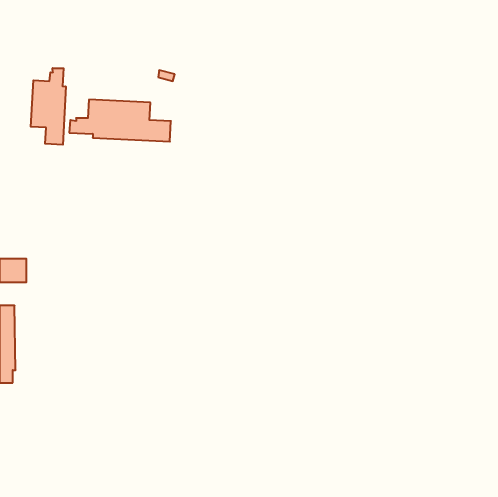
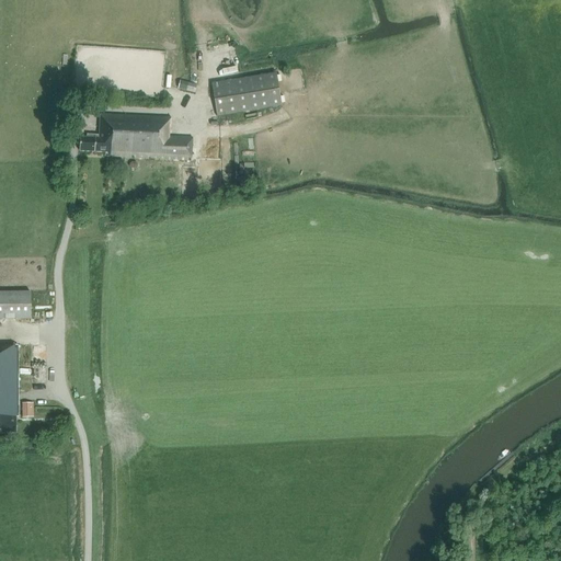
building: none -> [210,70,280,115]
building: [31,68,66,145] -> none

